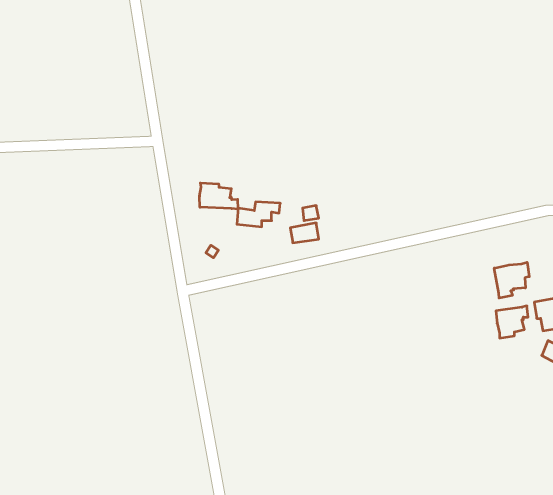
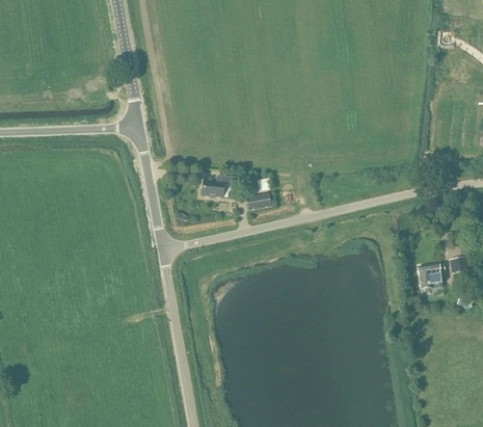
building: [200,183,238,209] -> none
building: [494,262,529,298] -> none

